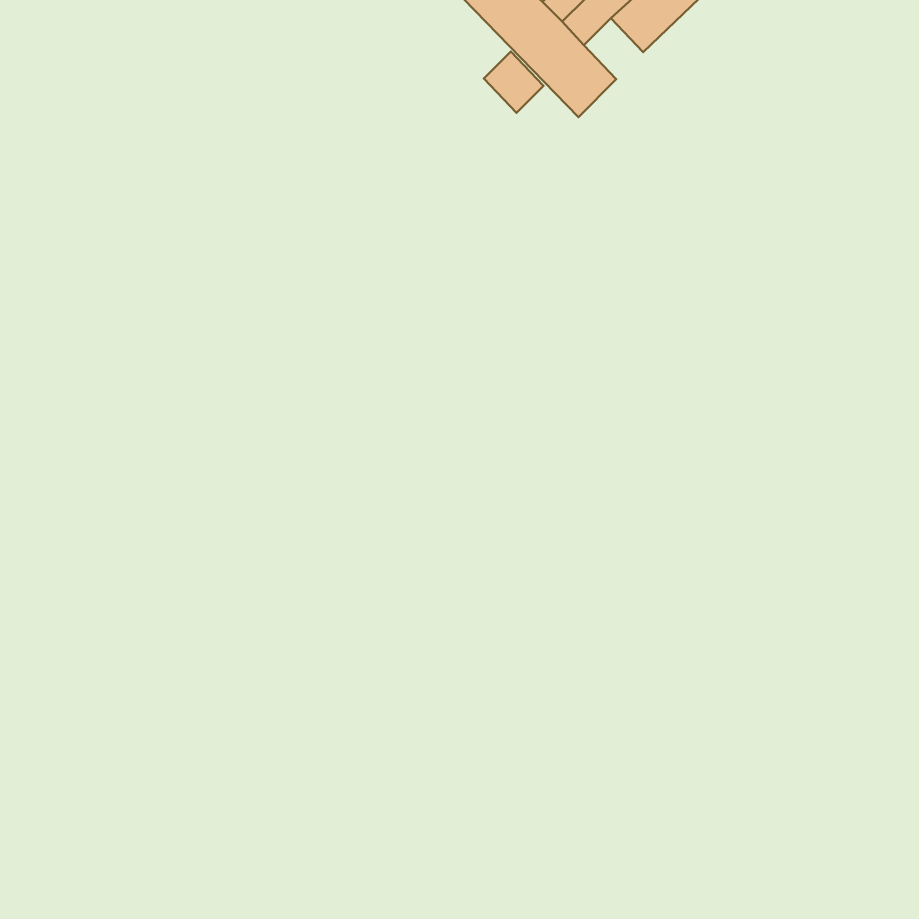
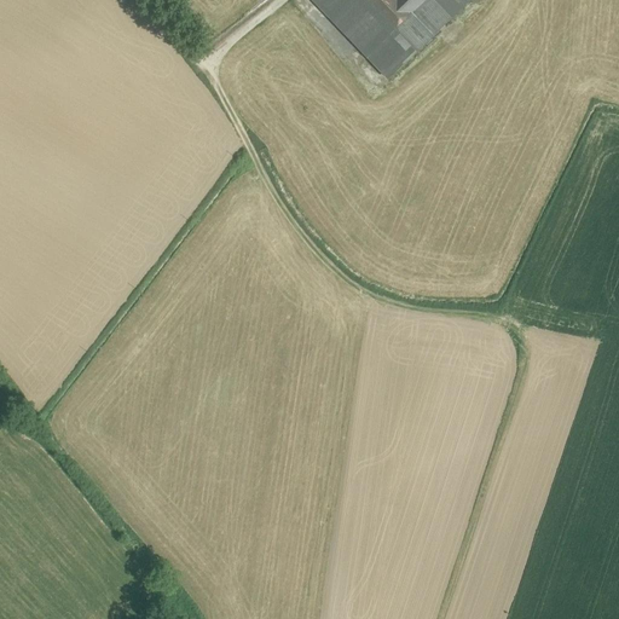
building: [484,52,543,113] -> [392,12,432,53]

